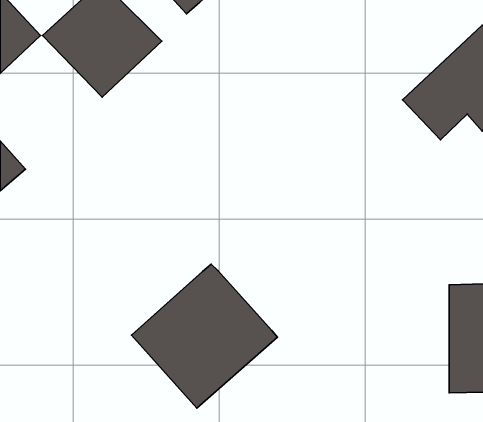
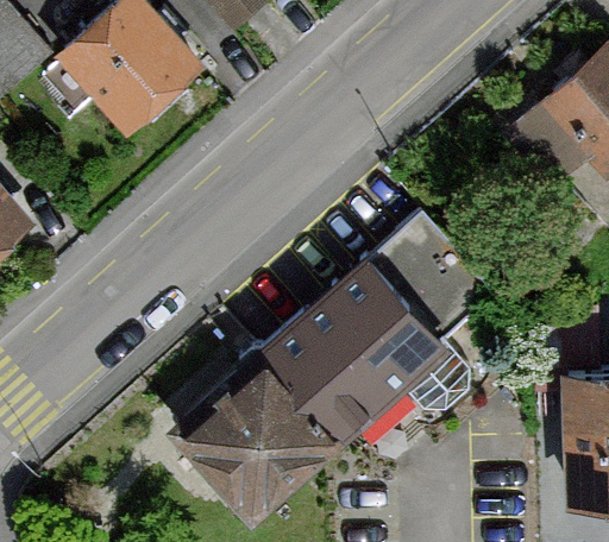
building: none -> [274,215,492,424]

